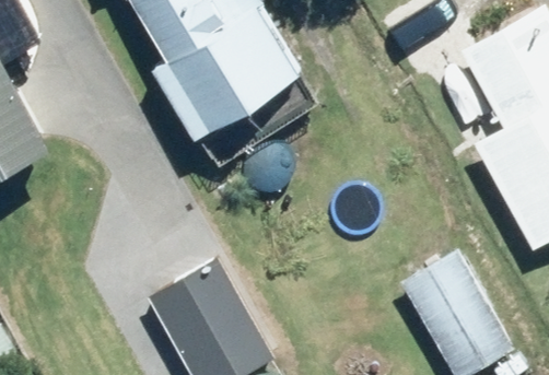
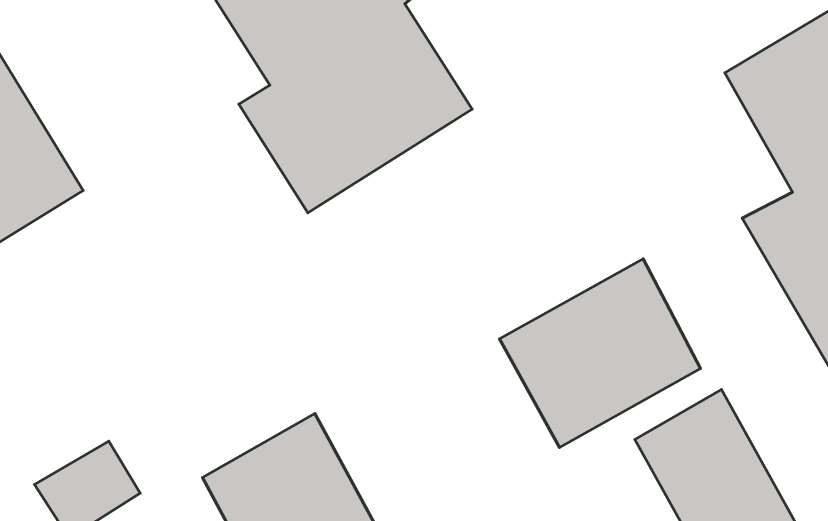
building: none -> [499,259,701,448]

